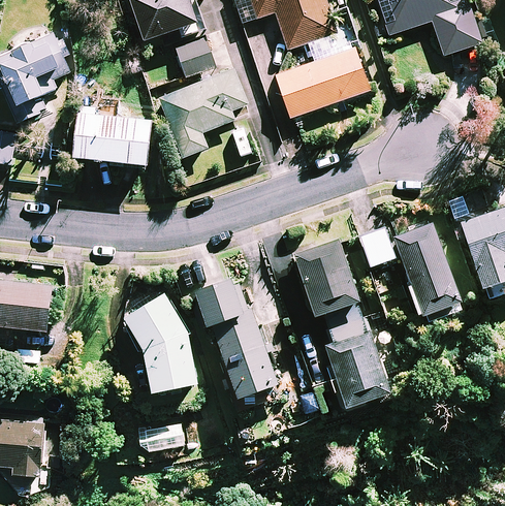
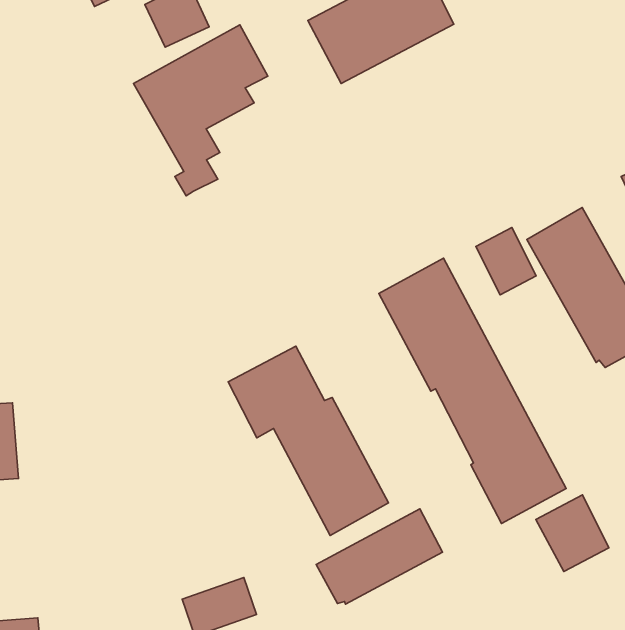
building: [72,105,151,167] -> none
building: [124,293,196,396] -> none
building: none -> [316,509,442,604]
building: none -> [536,495,609,572]

